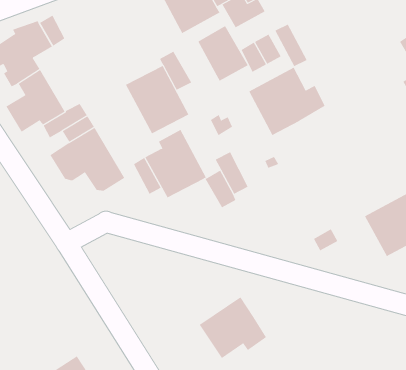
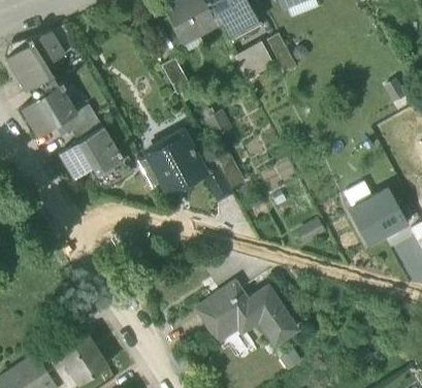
building: [197,25,249,82] -> none
building: [125,65,189,134] -> none
building: [249,67,325,136] -> none
building: none -> [248,287,296,343]

